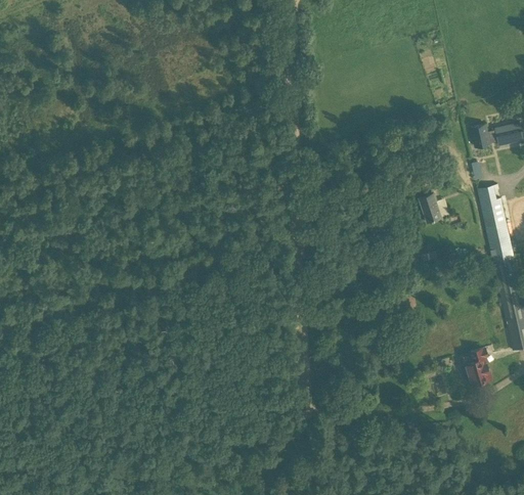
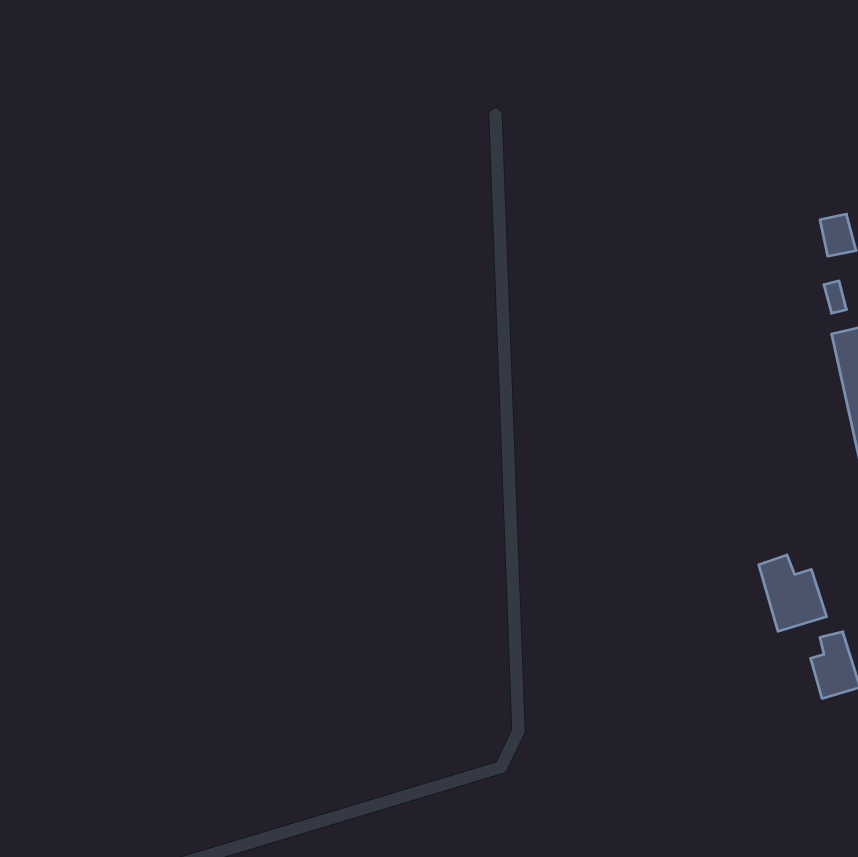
building: [419,194,441,223] -> none
building: none -> [759,555,826,631]

